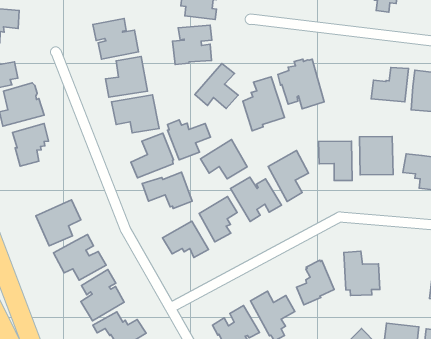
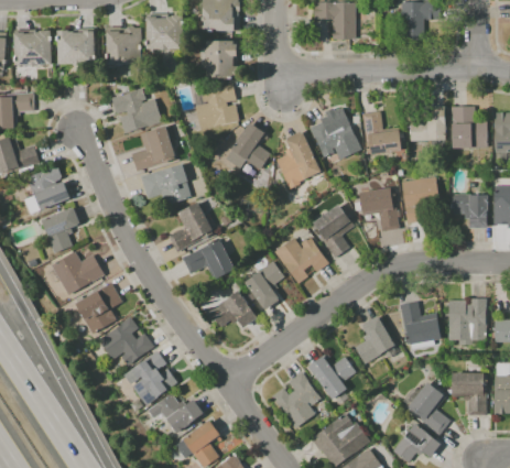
building: none -> [362,111,402,154]
building: [168,120,210,160] -> none
building: [201,140,247,179] -> none
building: none -> [46,250,105,295]
building: none -> [448,297,486,345]

